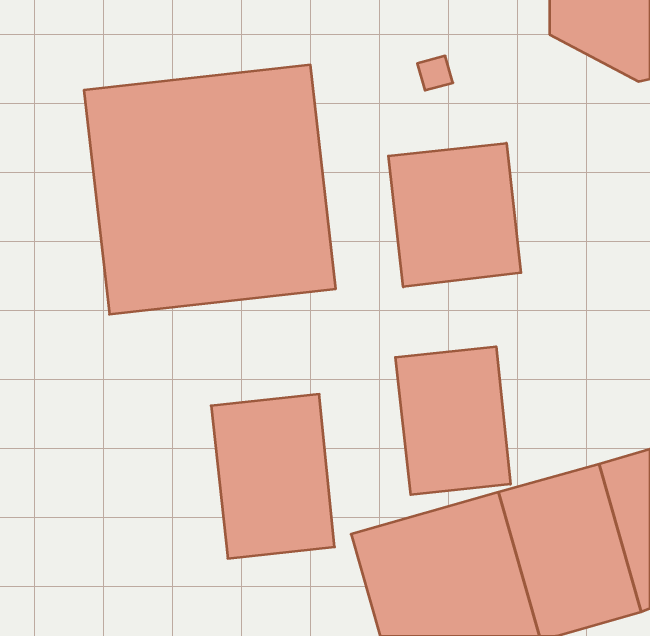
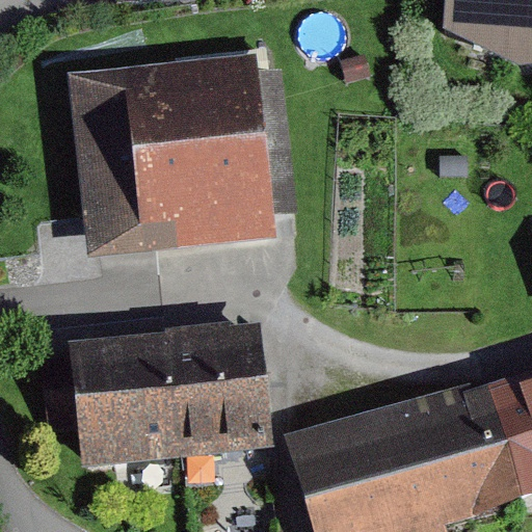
building: [388,143,521,287] -> none
building: [395,347,510,495] -> none
building: none -> [44,331,186,467]

